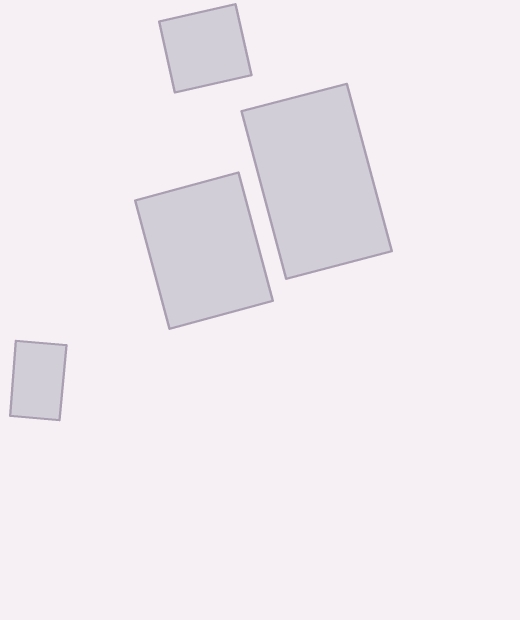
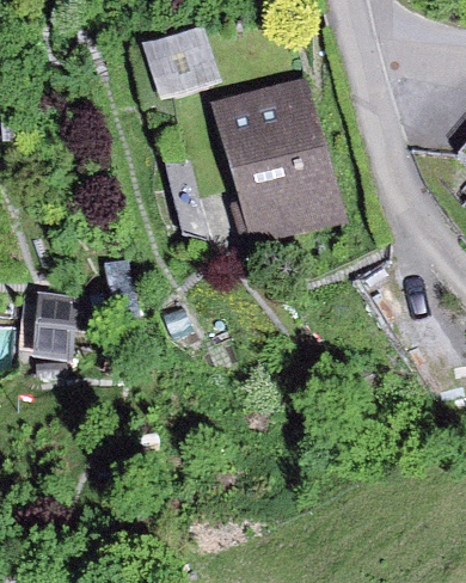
building: [135,172,273,329] -> none

